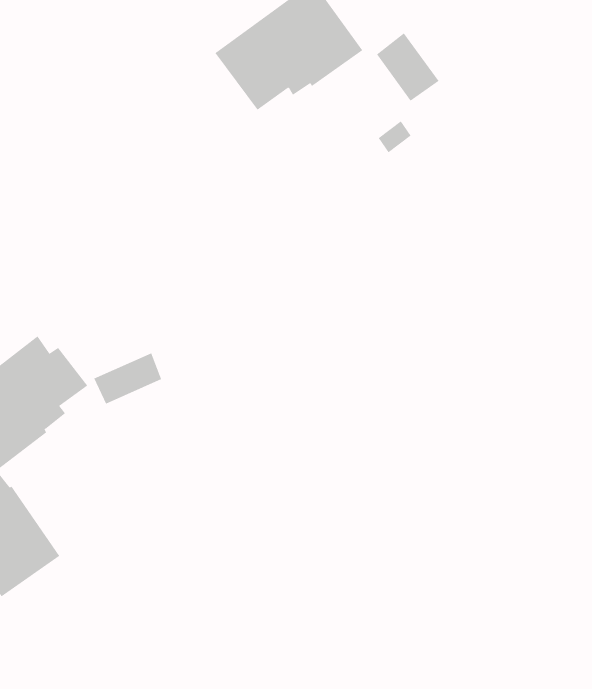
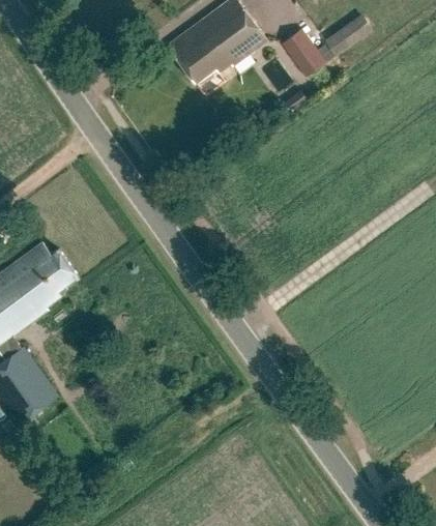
building: none -> [323,14,371,56]
building: [93,353,162,404] -> none

